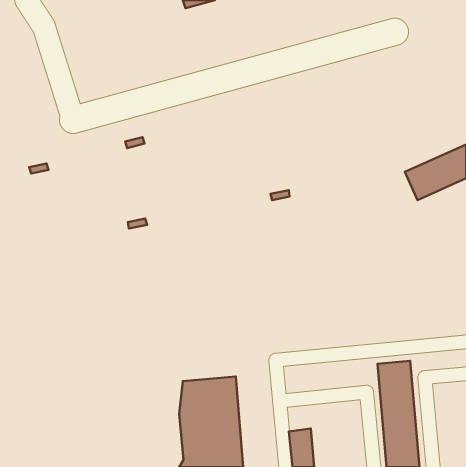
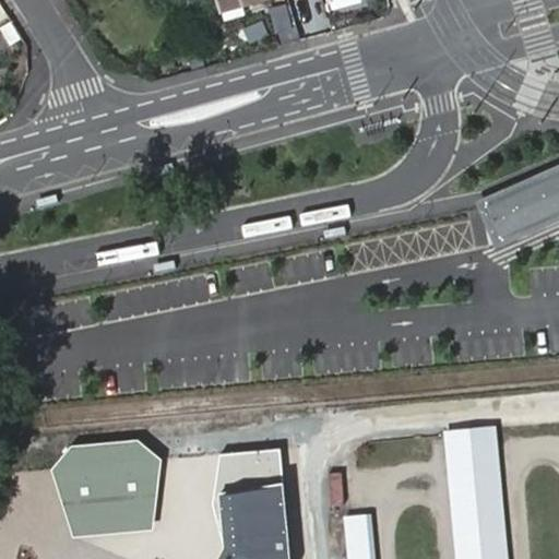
building: none -> [50,440,160,537]

